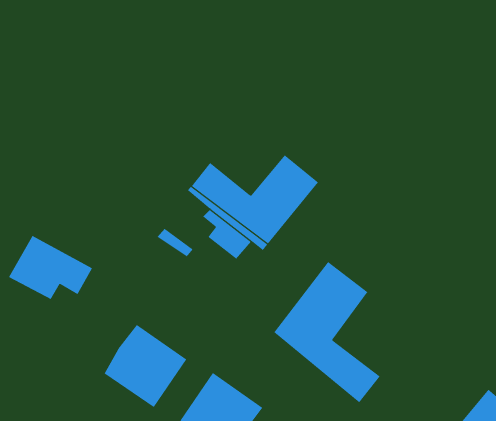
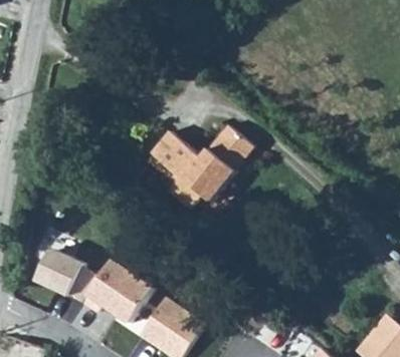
building: [8,235,93,300] -> [27,251,94,302]
building: [274,261,380,403] -> none

